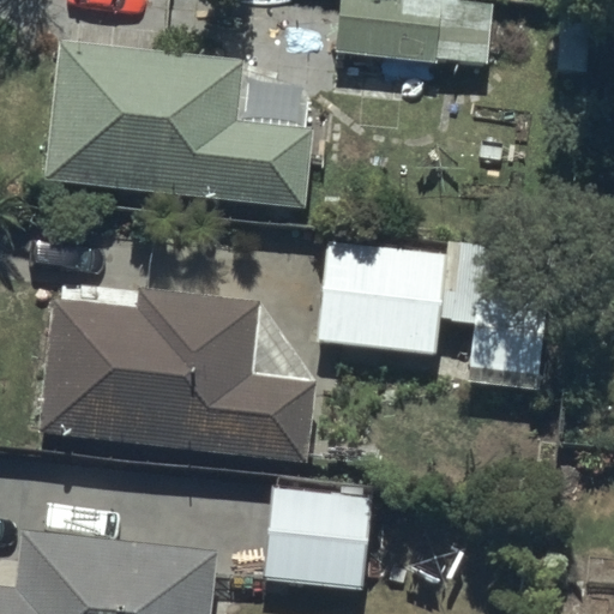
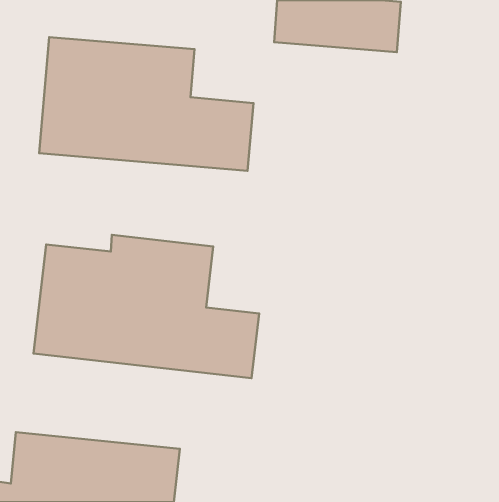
building: [318,229,560,380] -> none
building: [265,484,373,592] -> none

